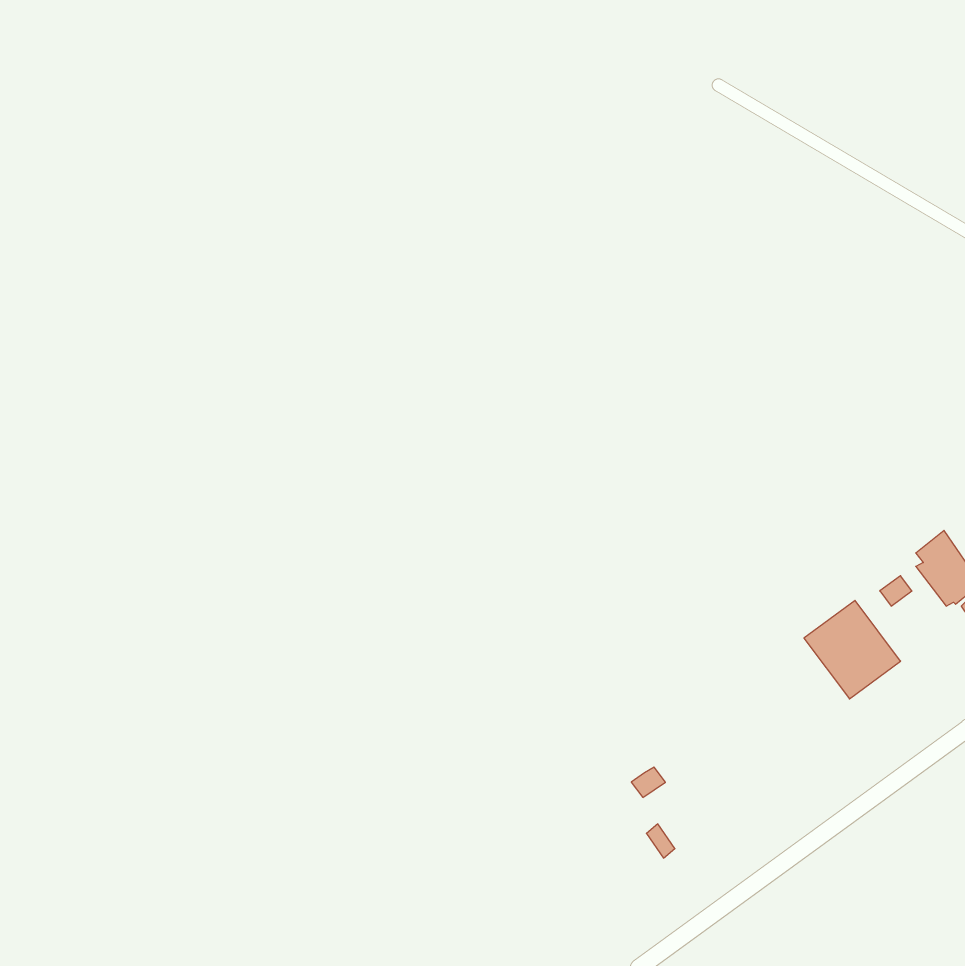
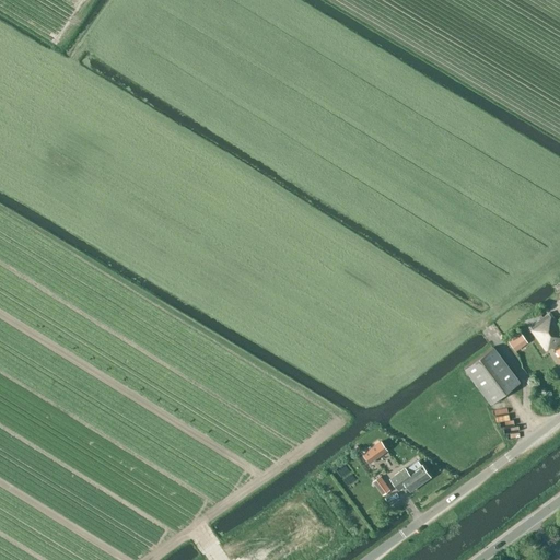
building: none -> [393,466,432,492]

